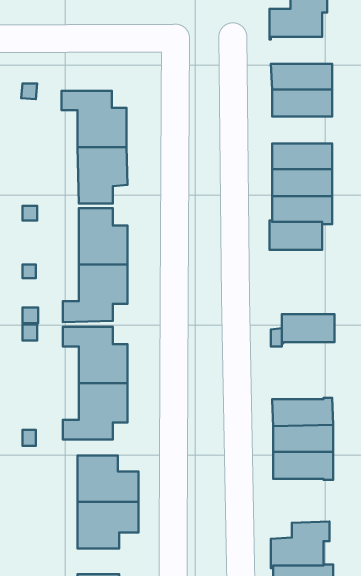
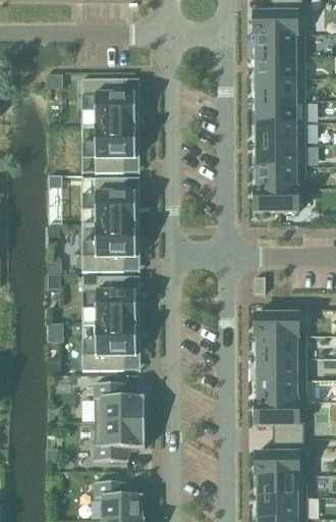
building: none -> [254,33,304,56]
building: none -> [255,100,304,122]
building: [282,314,335,343] -> [254,312,297,336]
building: none -> [254,401,302,438]

